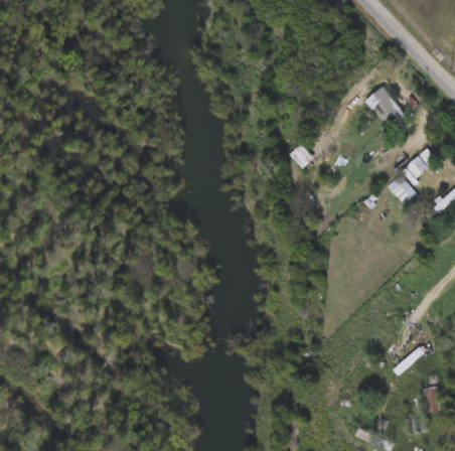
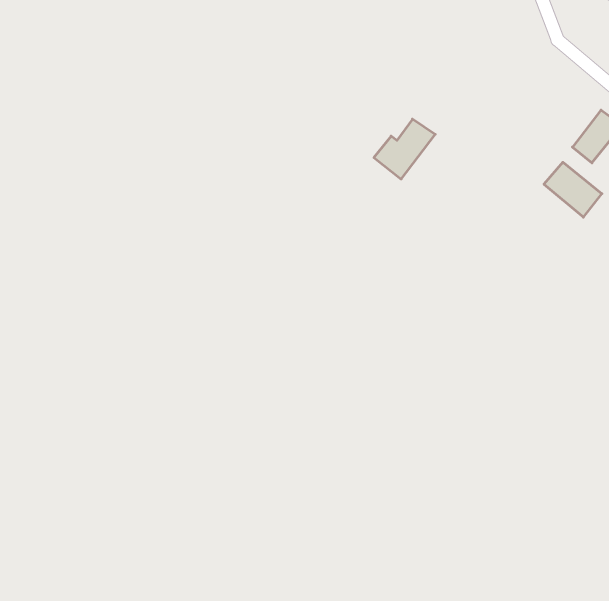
building: [376,90,411,132] -> none

